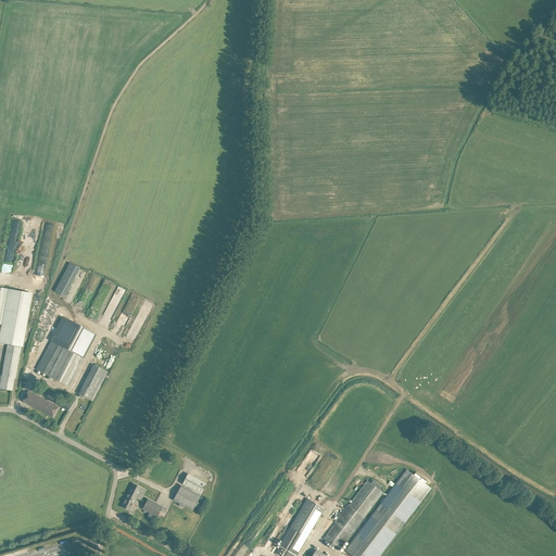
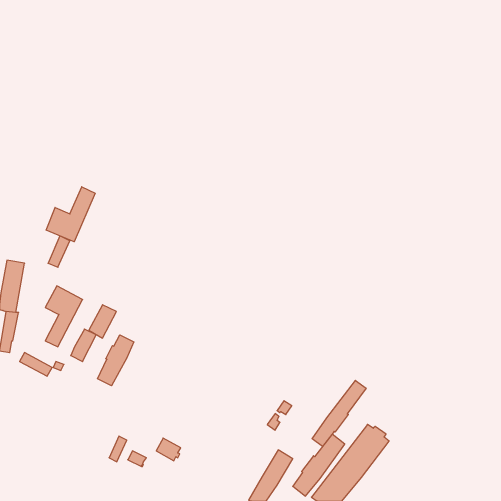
building: none -> [46,187,95,242]
building: [35,340,65,377] -> [89,305,116,338]
building: none -> [97,335,134,386]
building: none -> [312,380,366,446]

